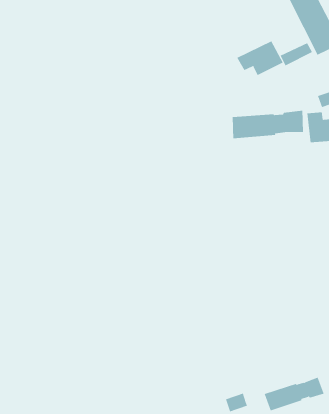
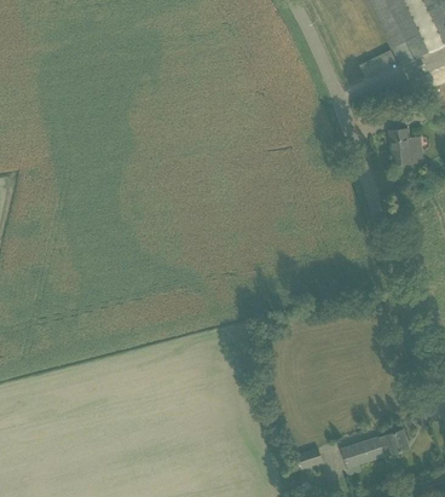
building: [237,40,283,76] -> none
building: [232,110,304,139] -> none

